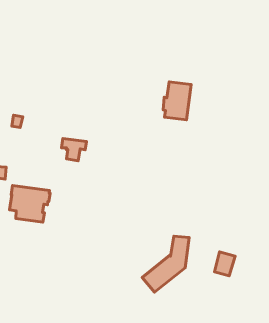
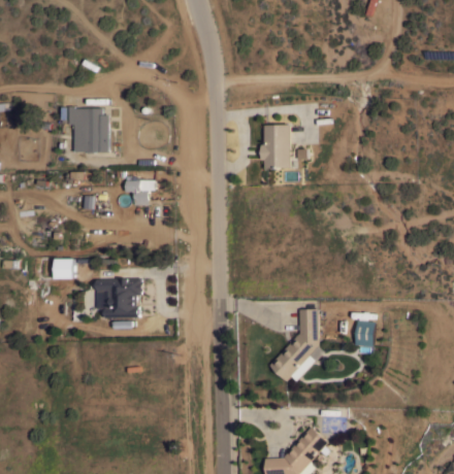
building: none -> [67,107,108,154]
building: [61,139,86,161] -> [125,180,154,205]

